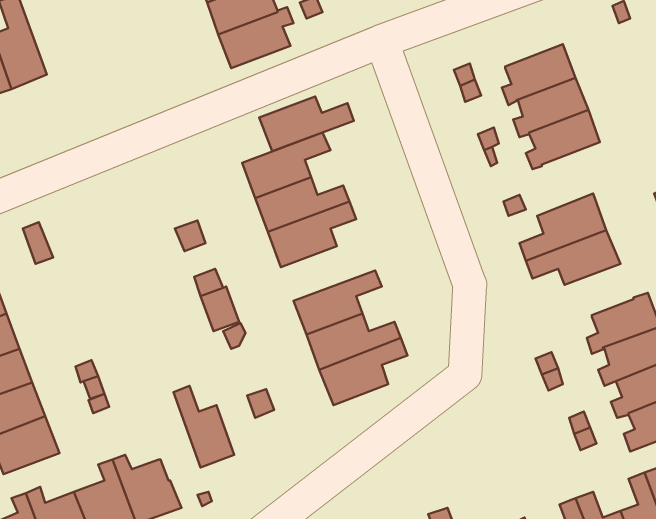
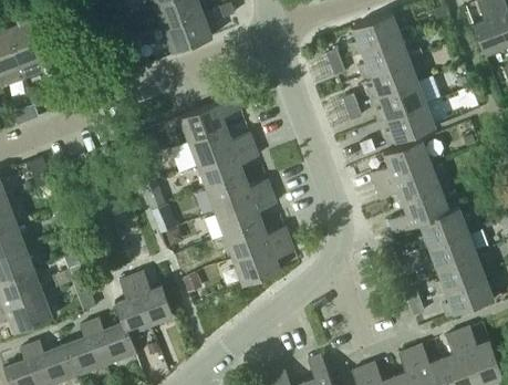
building: none -> [350,12,401,55]
building: [259,97,354,151] -> [206,175,271,212]
building: none -> [384,103,435,145]
building: none -> [388,187,449,233]
building: none -> [114,275,151,336]

